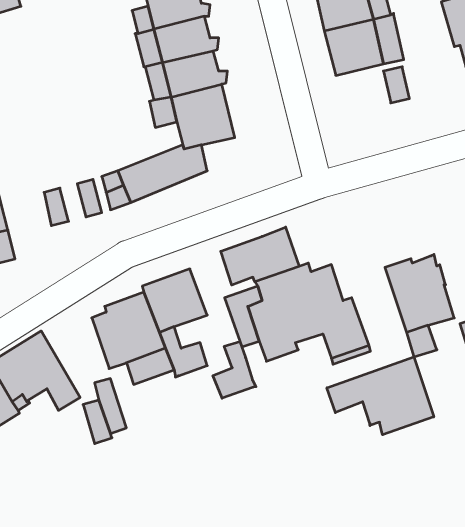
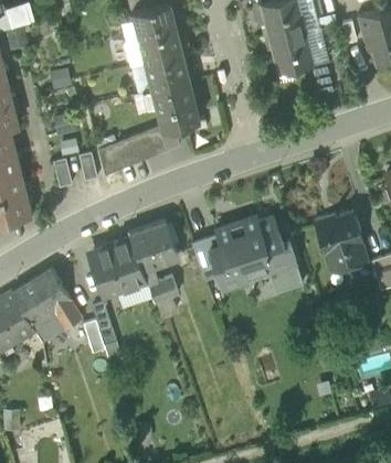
building: [221,227,299,285] -> none
building: [213,341,256,398] -> none
building: [327,357,434,435] -> none

